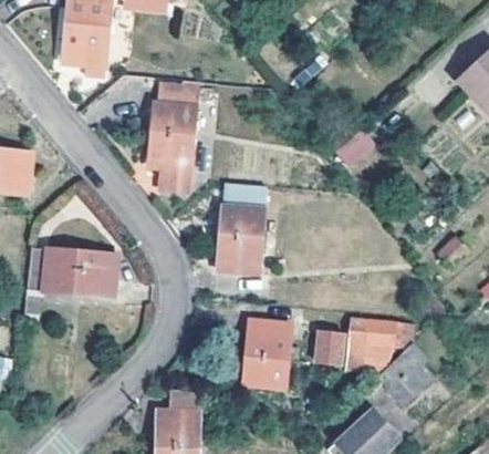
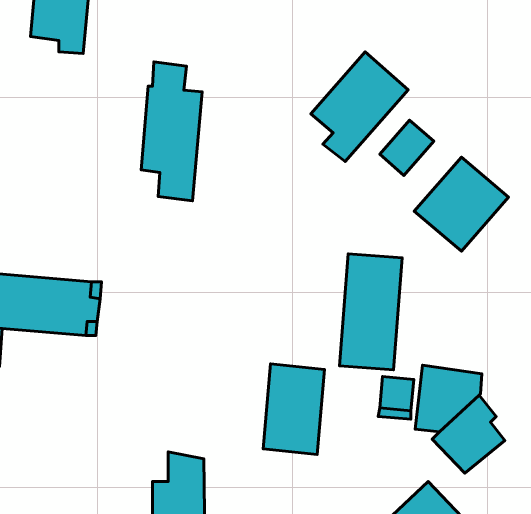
building: none -> [311,52,408,162]
building: none -> [414,157,509,251]
building: [217,184,266,275] -> [340,254,402,370]

